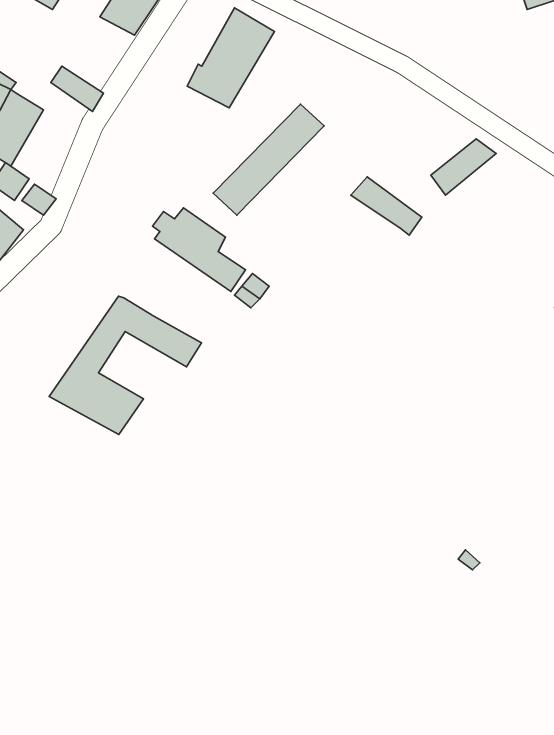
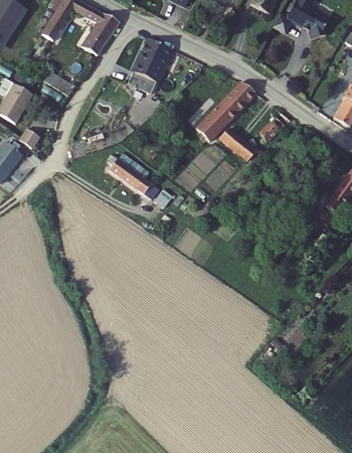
building: [213,104,324,215] -> [191,84,252,145]
building: [49,296,202,435] -> none

